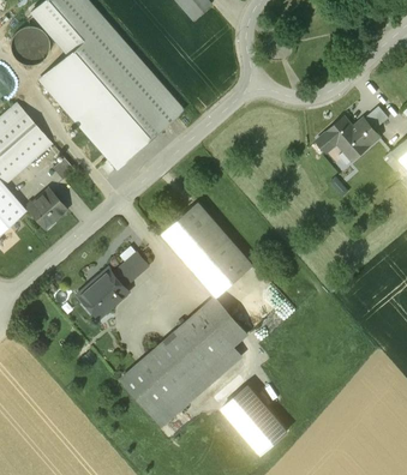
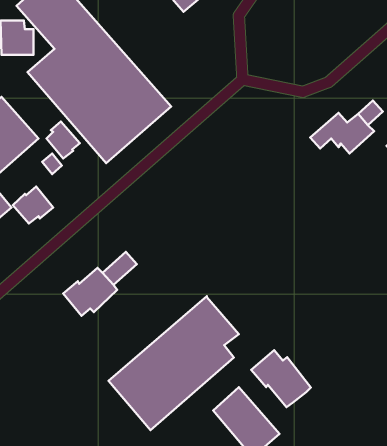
building: none -> [46,121,80,159]
building: [162,203,253,297] -> none
building: none -> [251,350,311,407]

